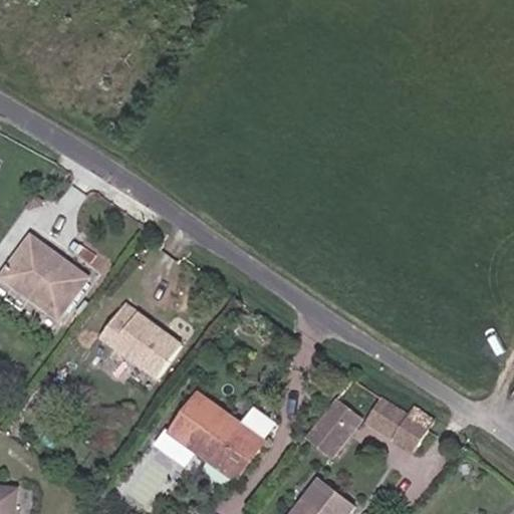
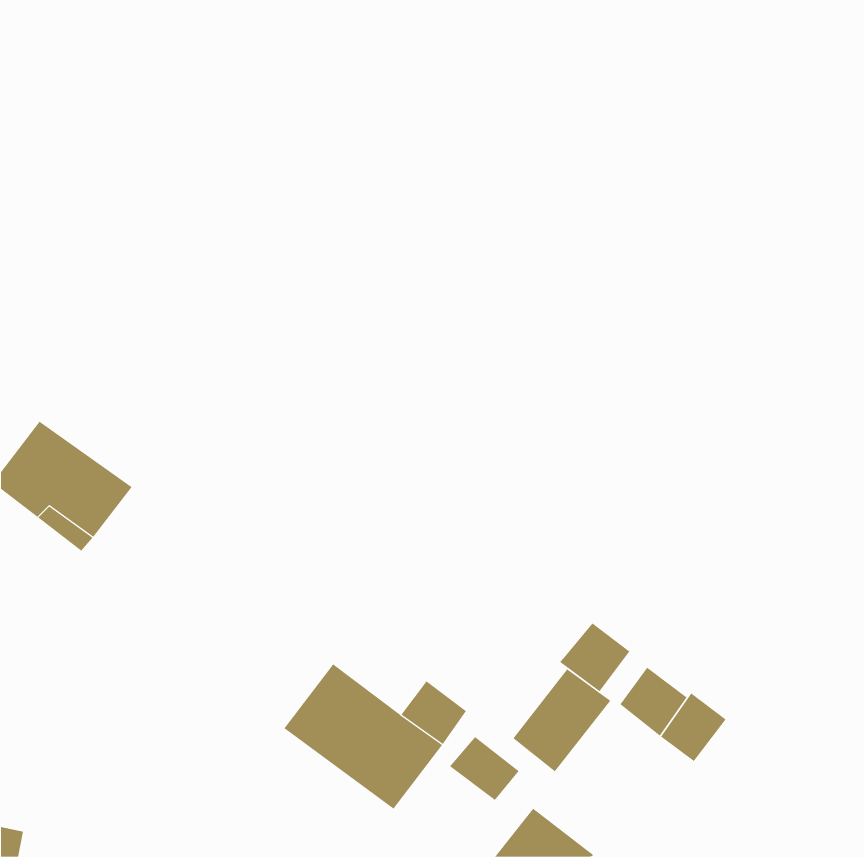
building: [96,306,176,380] -> none
building: none -> [559,623,630,692]
building: none -> [449,736,519,801]

